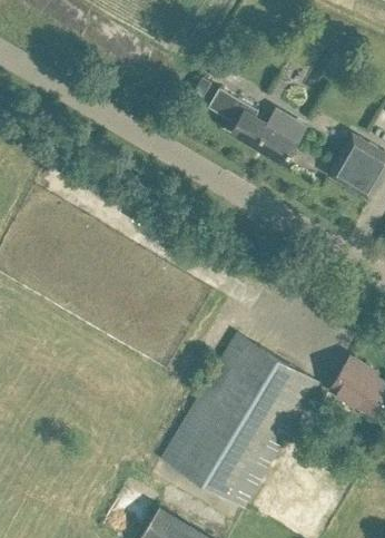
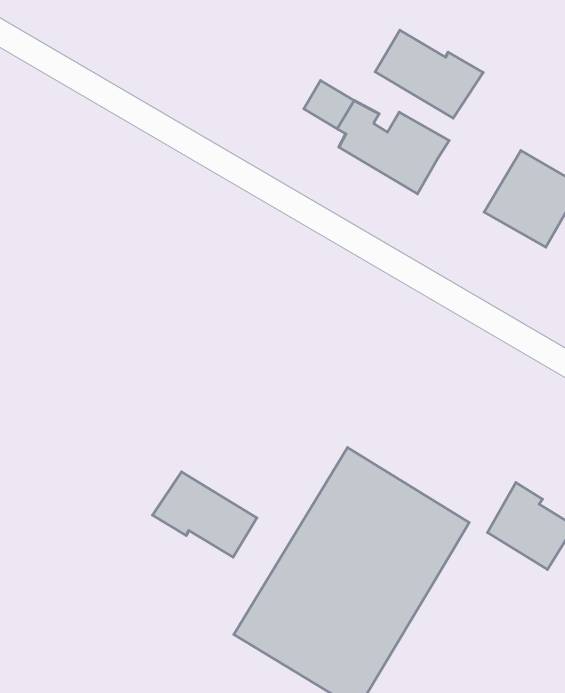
building: none -> [375,30,483,118]
building: none -> [152,472,257,557]

